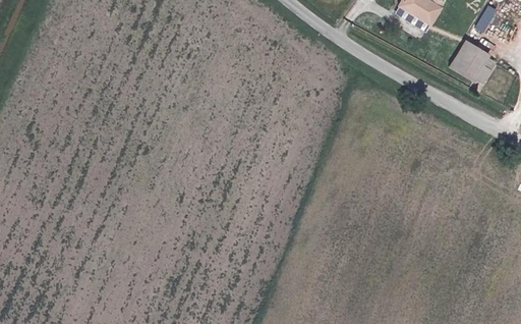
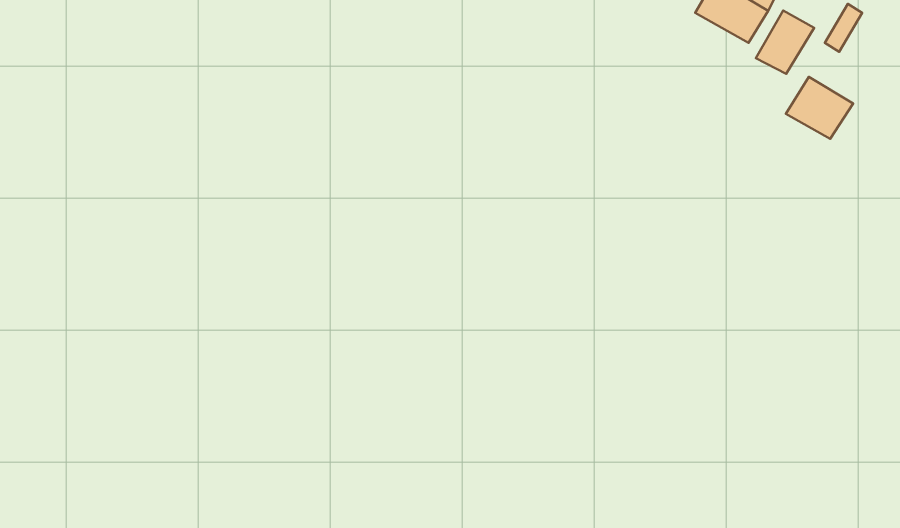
building: none -> [756,11,814,74]

